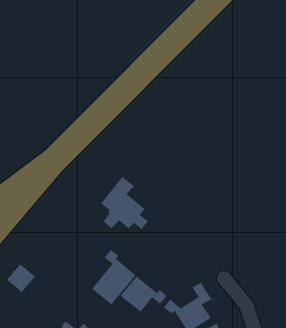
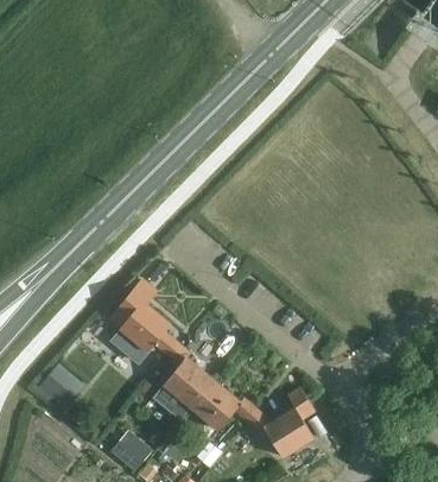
building: [100,176,149,230] -> [110,280,176,353]

